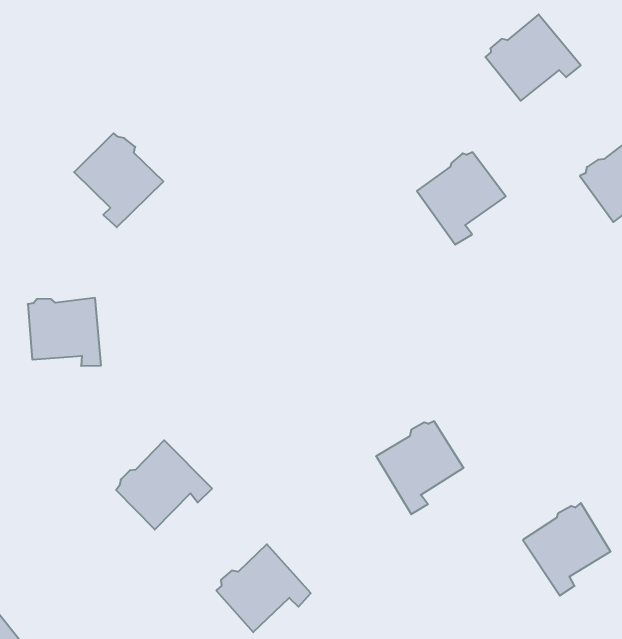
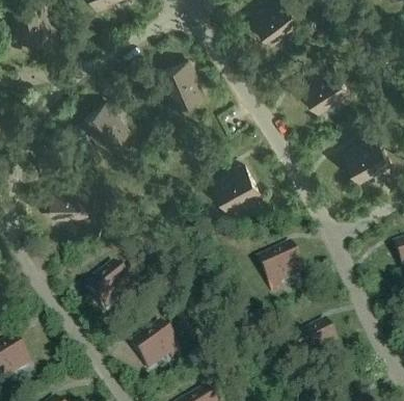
building: none -> [162,61,204,108]
building: [417,152,506,245] -> [215,166,261,213]
building: [376,421,464,514] -> [259,246,303,293]

